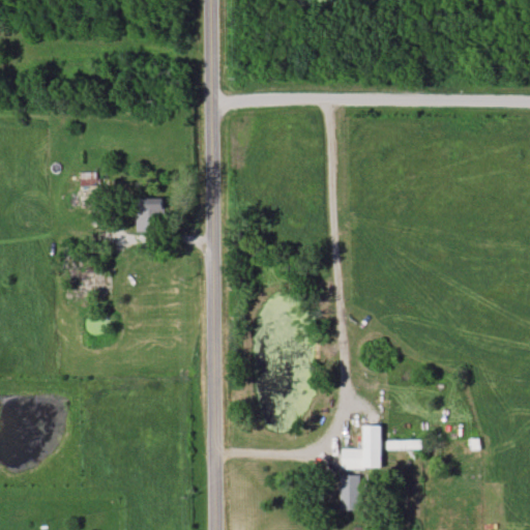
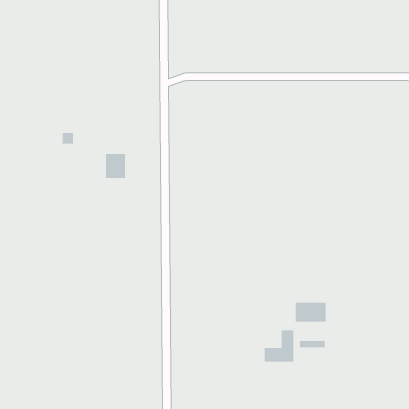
building: none -> [295,302,327,323]
building: [340,474,358,510] -> none

